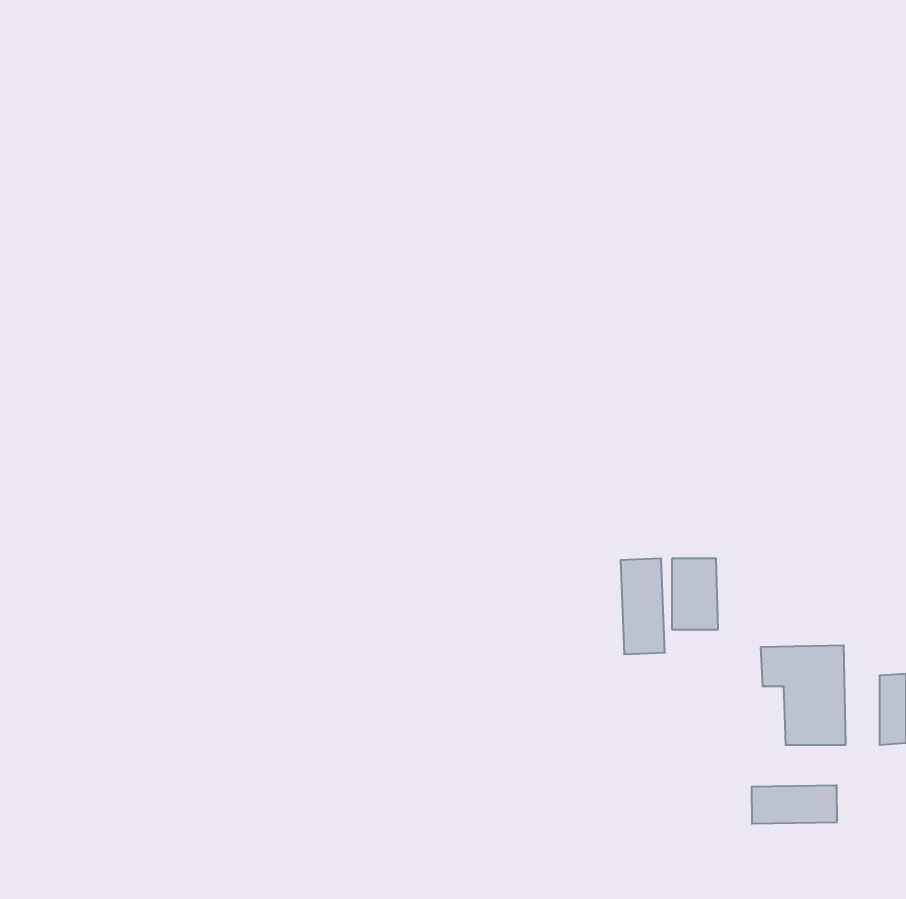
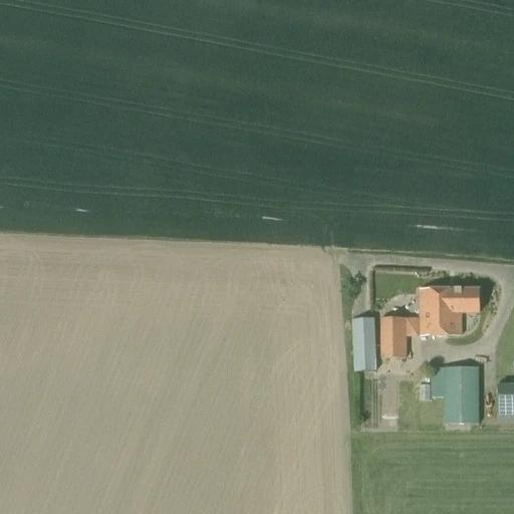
building: none -> [419,288,479,332]
building: [752,785,837,824] -> none

